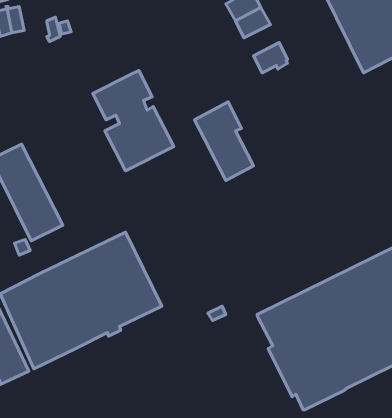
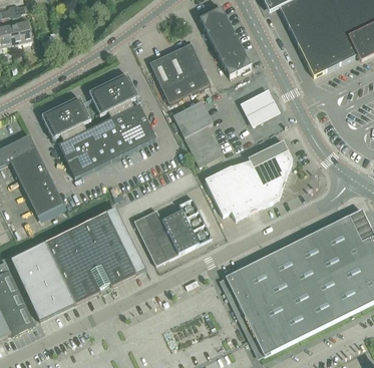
building: none -> [215,35,244,61]
building: none -> [150,42,211,102]
building: none -> [241,89,281,126]
building: none -> [42,96,116,176]
building: none -> [206,139,293,219]
building: none -> [134,197,213,265]

